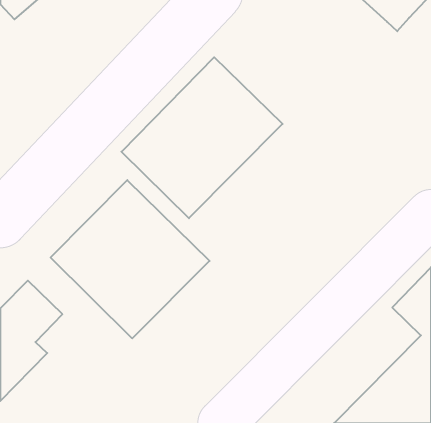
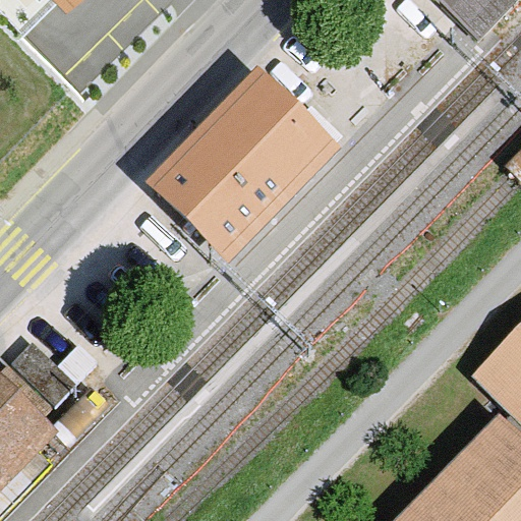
building: [51,180,210,338] -> none

